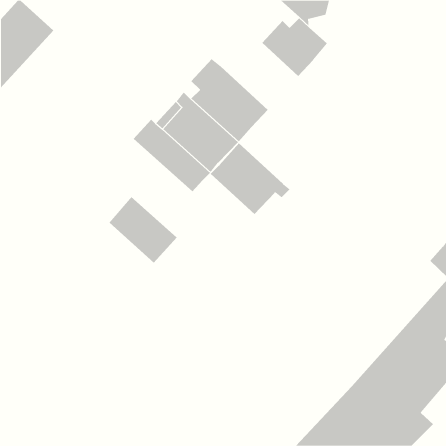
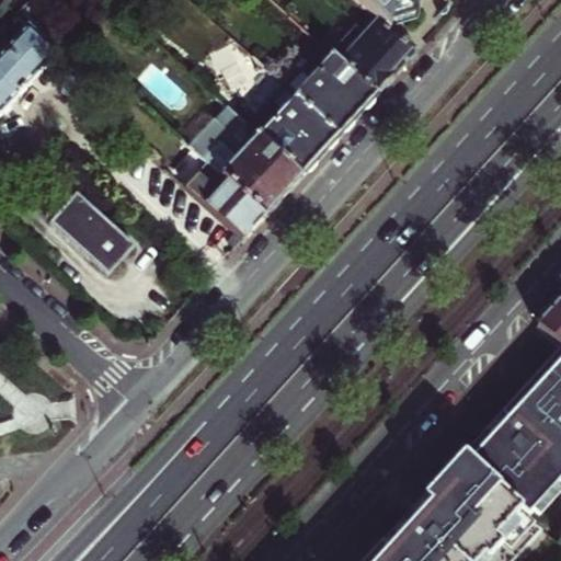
building: none -> [278,42,375,138]
building: [210,142,290,215] -> none
building: [108,196,178,264] -> [48,194,135,278]

